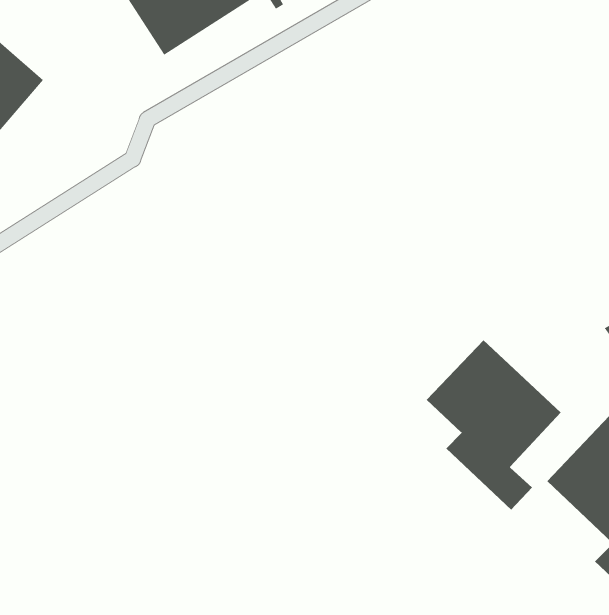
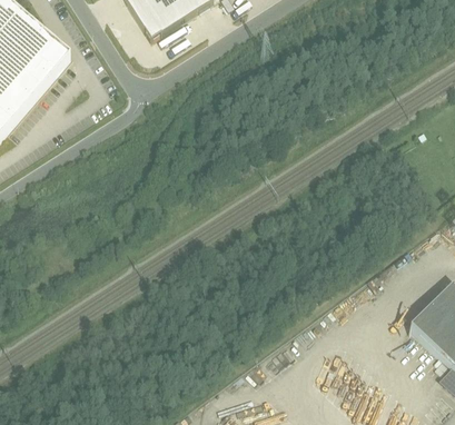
building: [426,340,561,510] -> none

